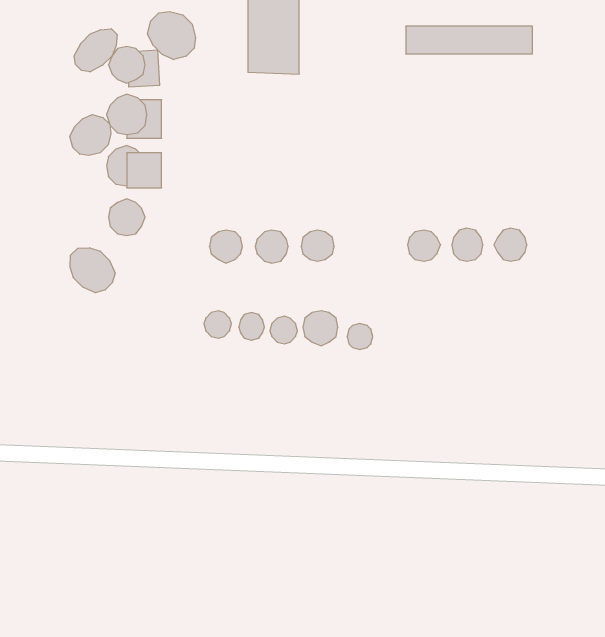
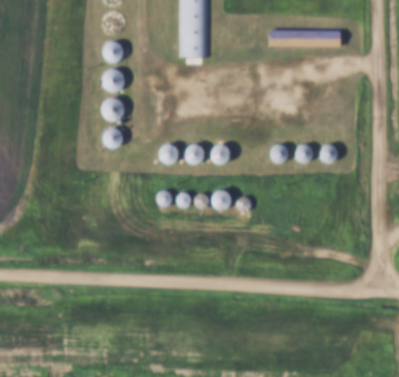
building: [147,12,195,60] -> none
building: [74,29,117,72] -> none
building: [70,115,111,155] -> none
building: [70,248,115,293] -> none

